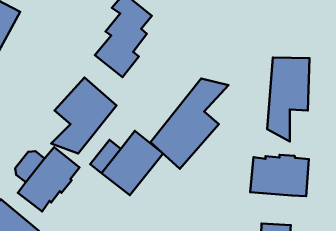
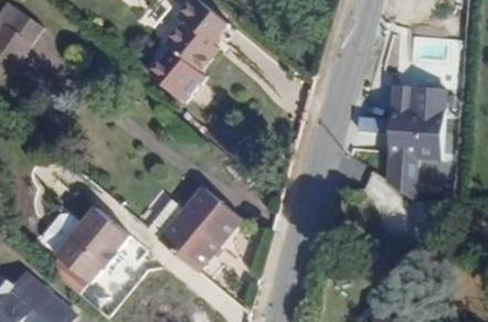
building: [51,78,117,154] -> none
building: [150,78,229,169] -> none
building: [250,155,309,196] -> none

